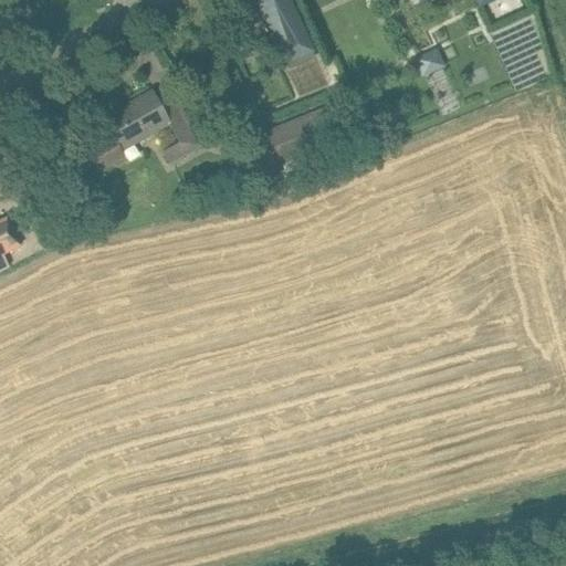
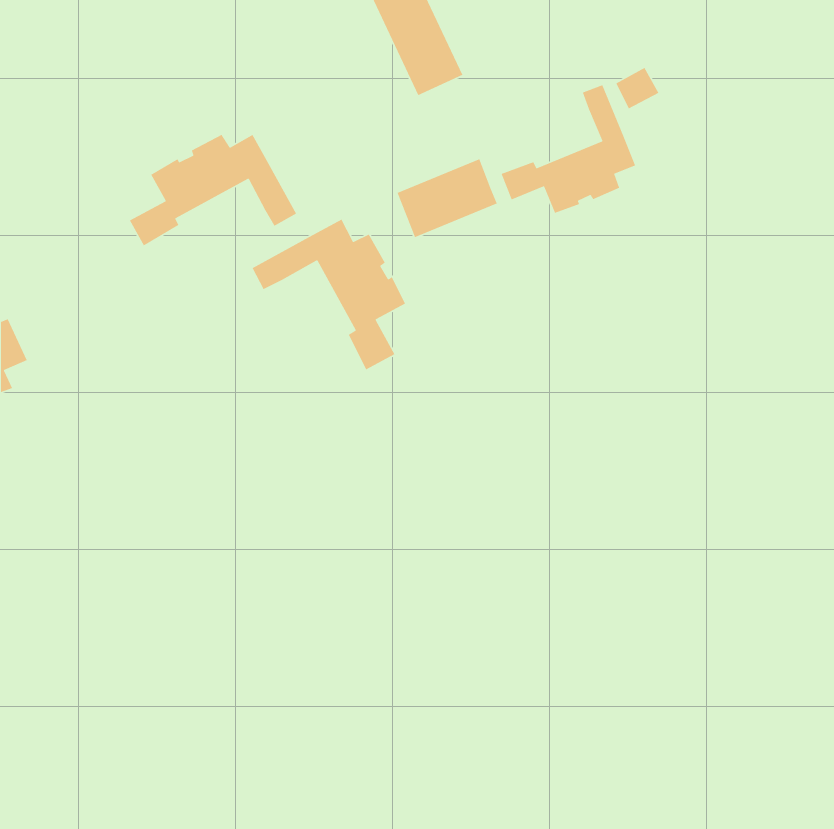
building: none -> [500,84,636,214]
building: none -> [252,219,406,370]

